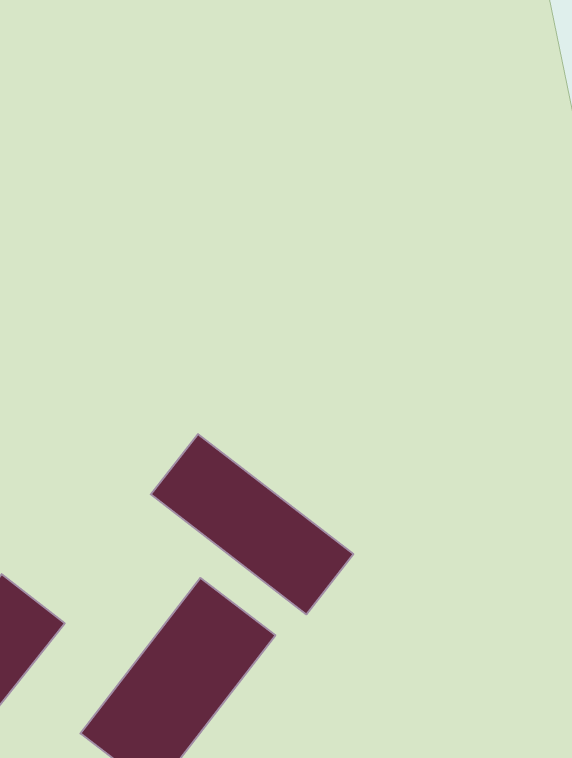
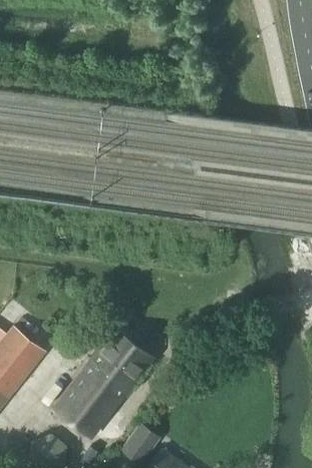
building: [151,434,353,614] -> none

